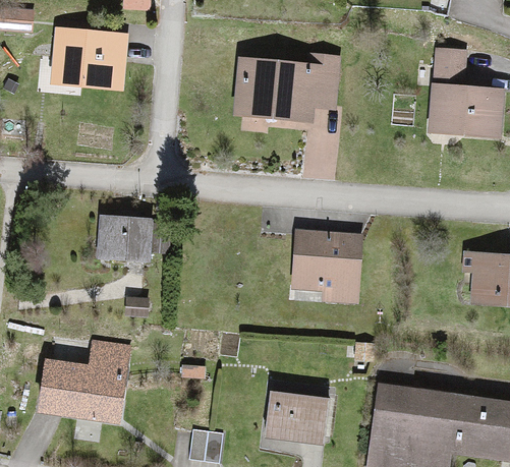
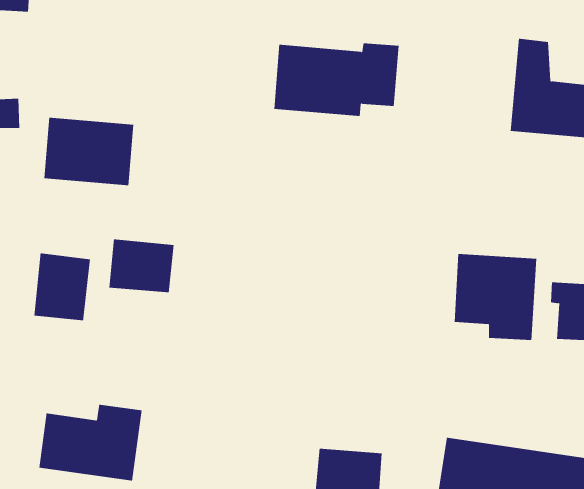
building: [51,31,126,87] -> [44,117,134,186]
building: none -> [34,252,91,321]
building: [292,230,361,302] -> [454,254,537,341]

